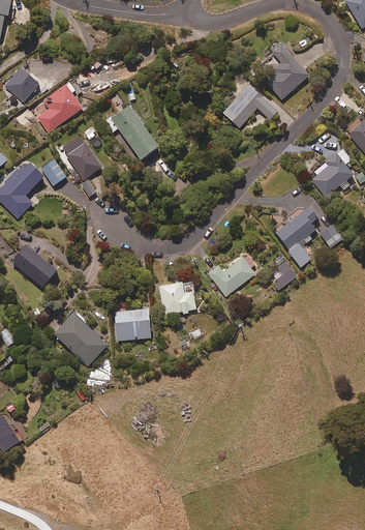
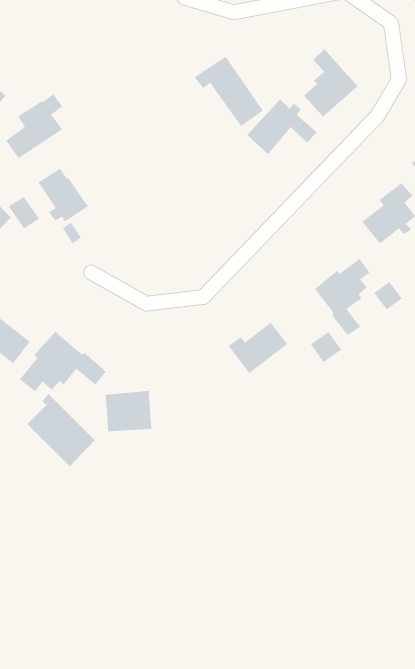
building: [104,105,158,159] -> [194,56,264,127]
building: none -> [19,331,107,393]
building: [159,282,195,314] -> none

